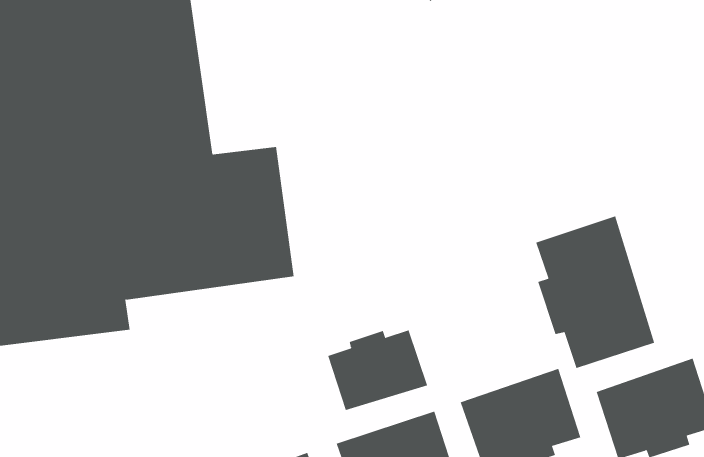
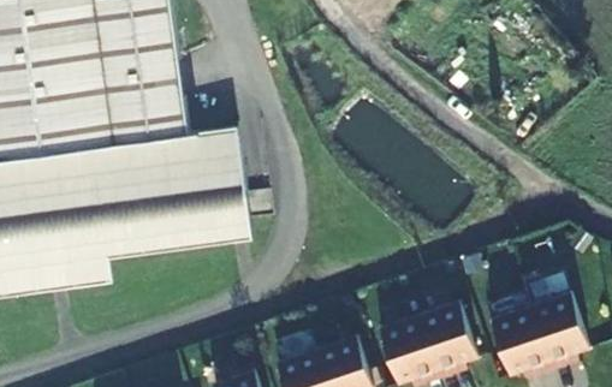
building: [536,215,655,369] -> none
building: [327,329,428,411] -> none

